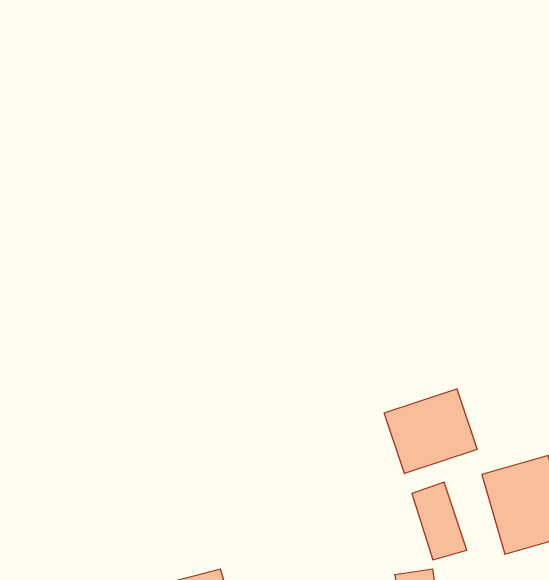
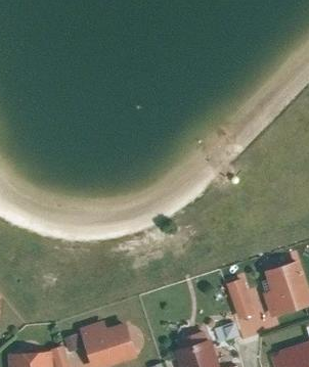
building: [384,389,477,474] -> none

